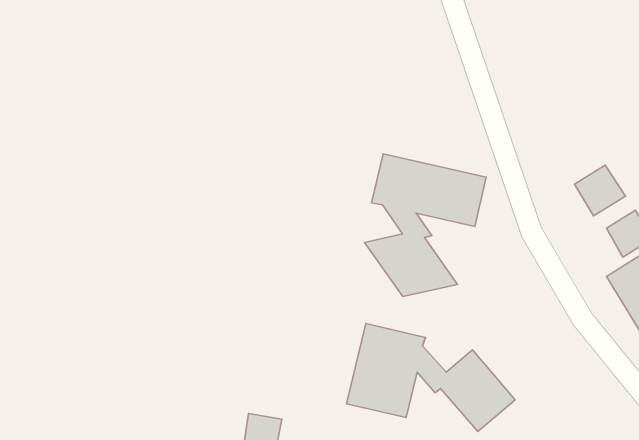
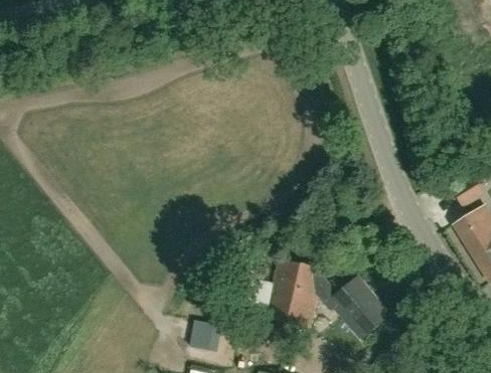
building: [364,154,486,296] -> none
building: [574,165,626,216] -> none

